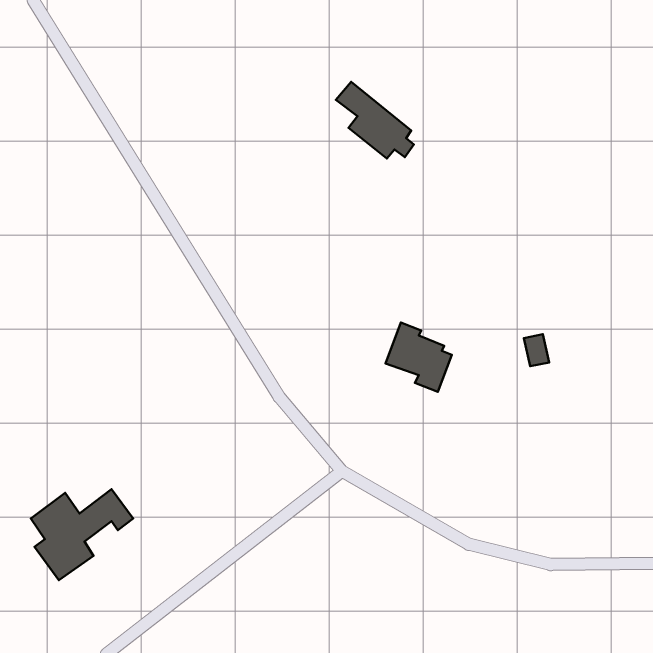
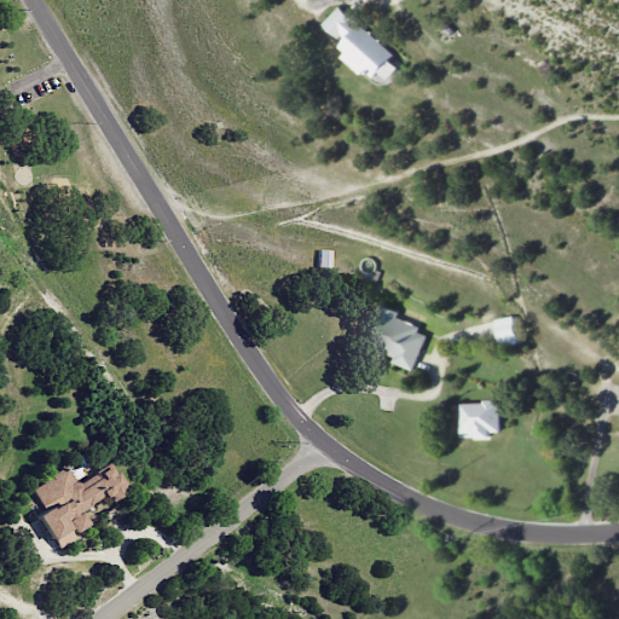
building: [336,82,414,159] -> [324,8,398,81]
building: none -> [461,403,501,440]

